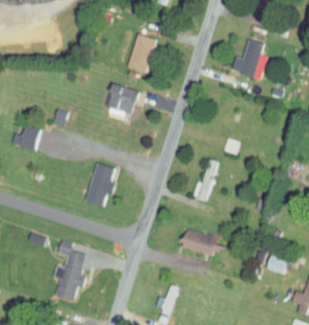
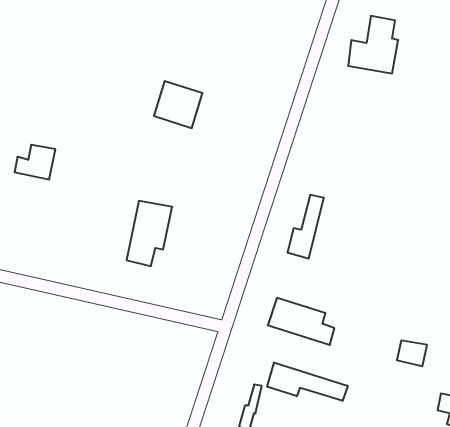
building: [127,33,155,73] -> none
building: [56,244,87,300] -> none
building: none -> [267,362,348,401]

